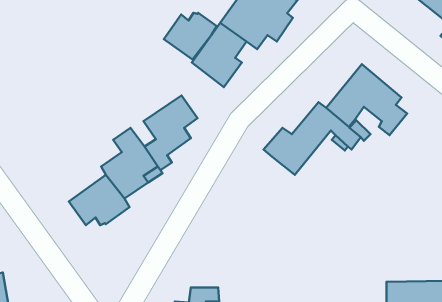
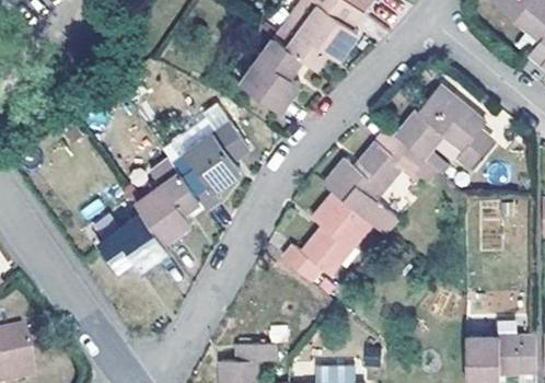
building: [164,13,217,59] -> none
building: none -> [283,192,372,279]

